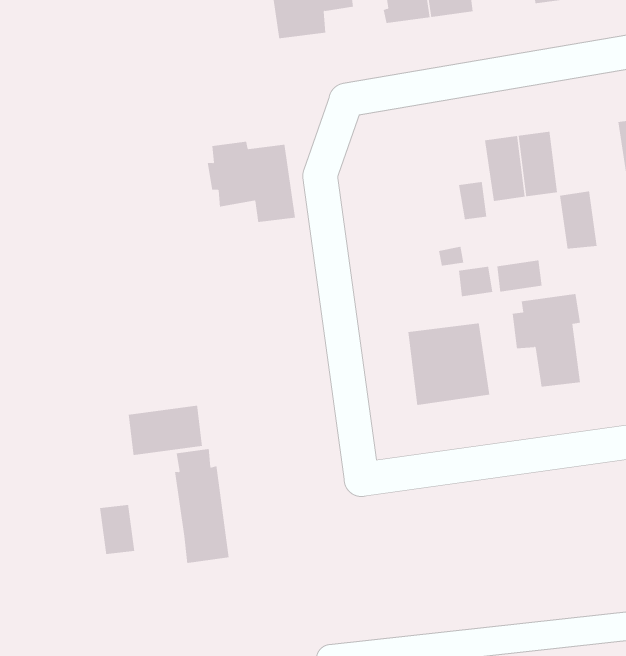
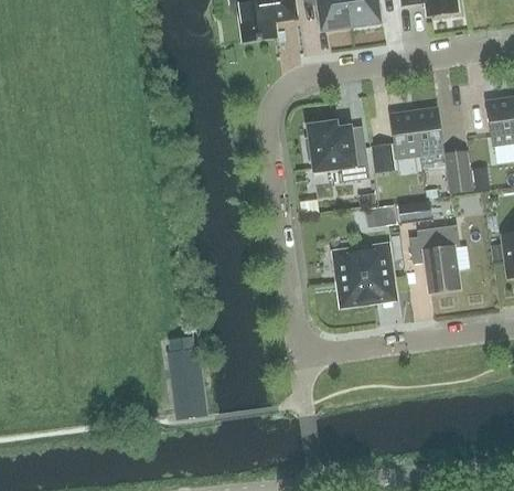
building: [207,141,296,222] -> [307,124,371,182]
building: [128,405,203,456] -> none
building: [99,504,135,555] -> none

